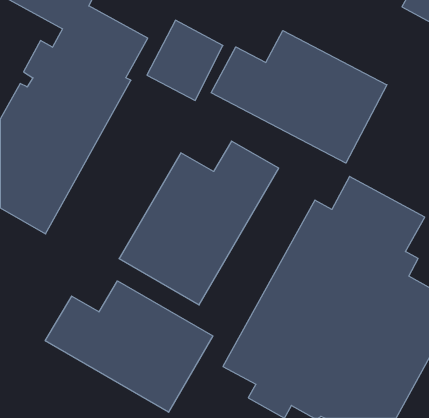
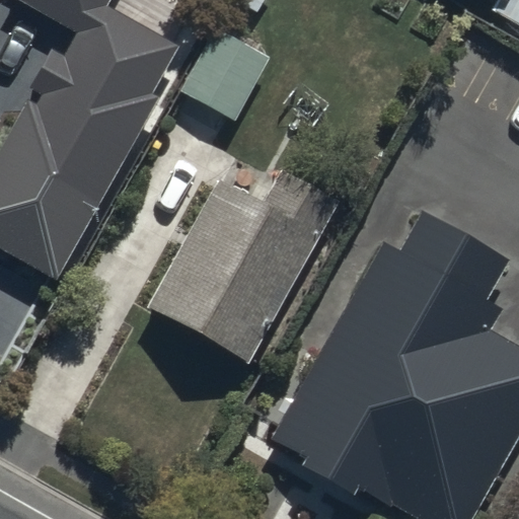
building: [211,31,387,163] -> none
building: [45,281,213,412] -> none

